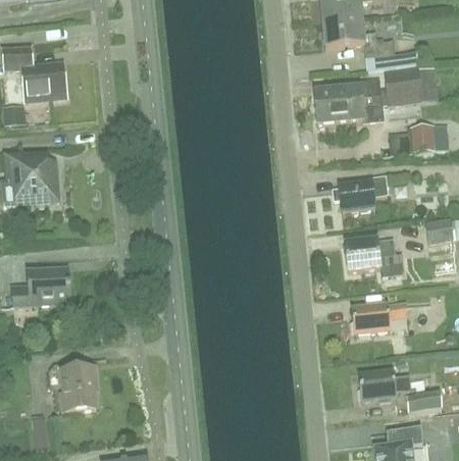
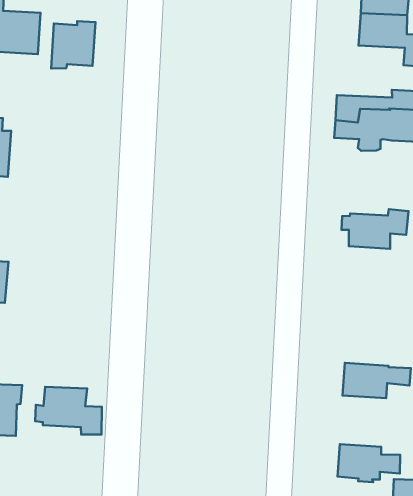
building: none -> [51,21,95,68]
building: [345,239,394,270] -> none
building: none -> [35,387,102,435]

